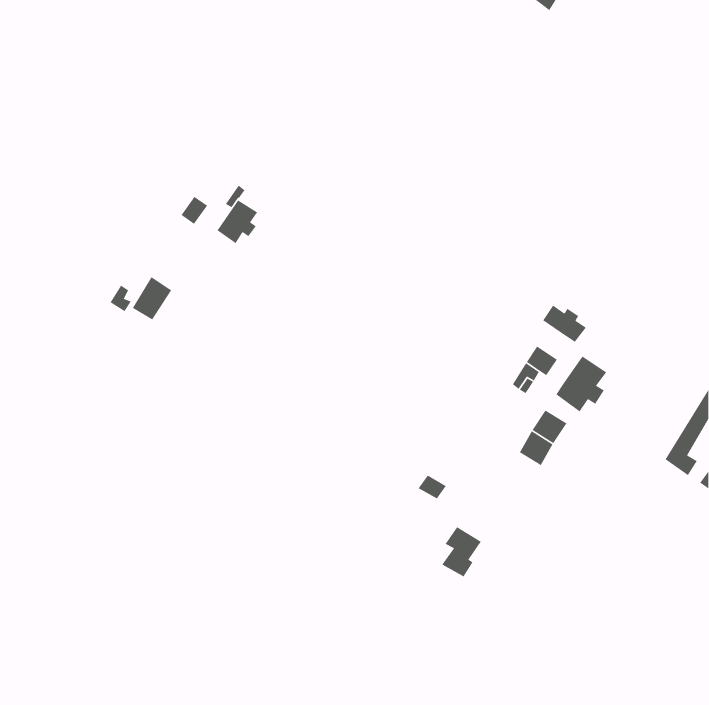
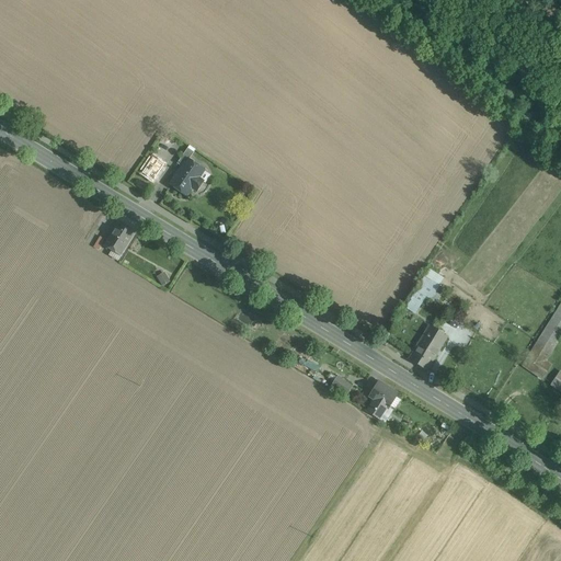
building: [542,304,587,344] -> none
building: [555,356,607,412] -> none
building: [442,526,482,578] -> [367,379,399,420]

